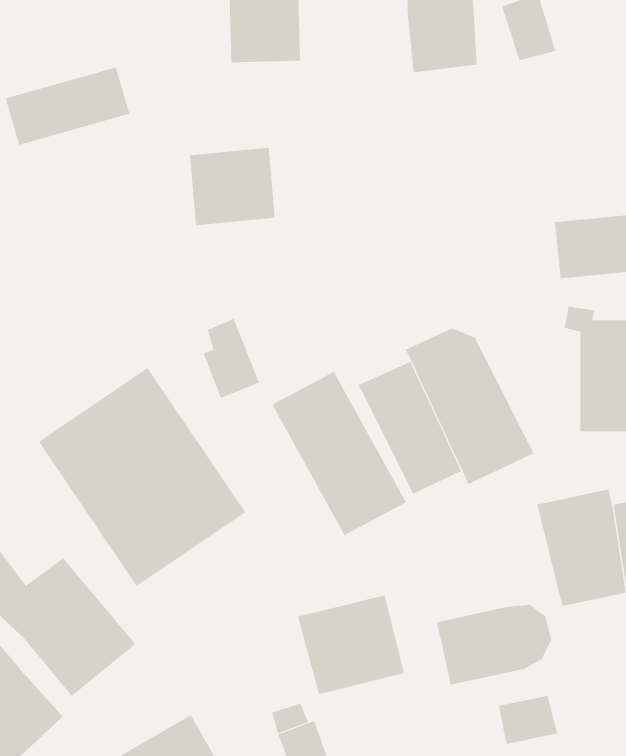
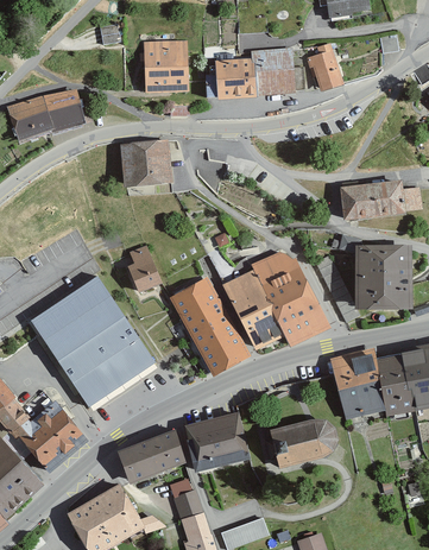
building: none -> [214,59,254,100]
building: none -> [118,430,185,485]
building: [498,695,558,745] -> none

